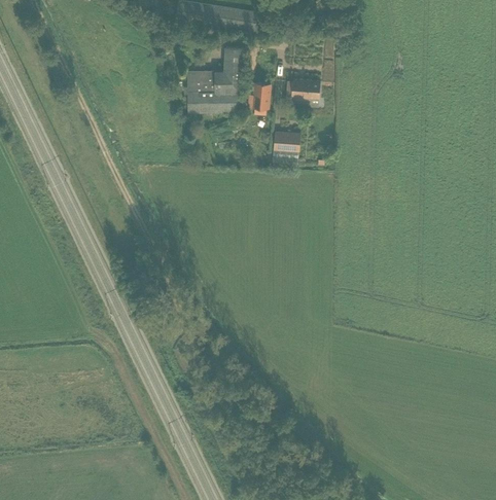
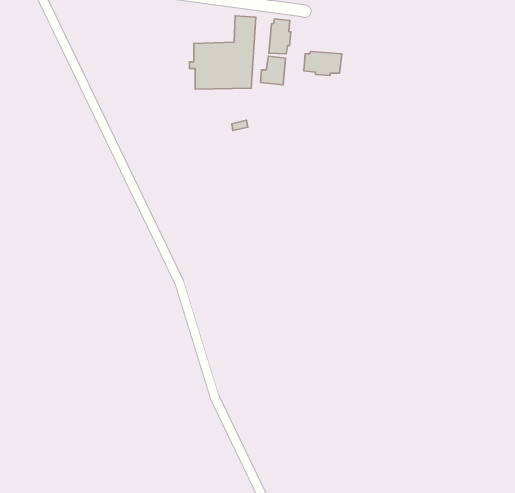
building: none -> [269,19,291,54]
building: [273,132,299,151] -> none

